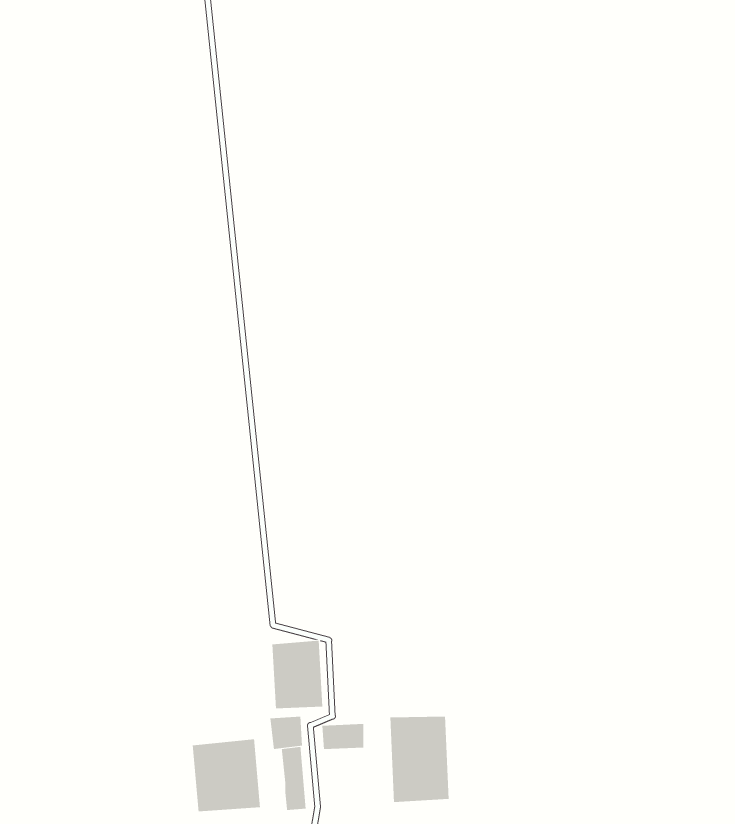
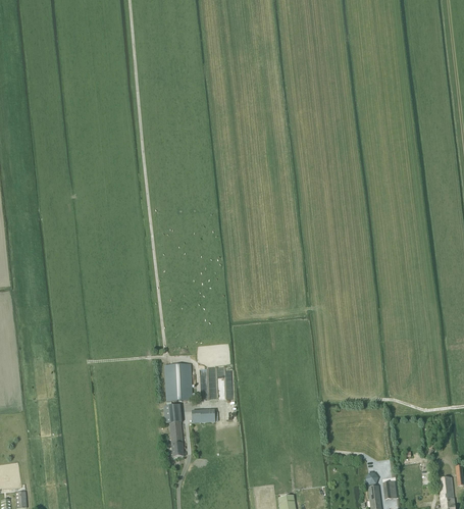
building: [390,716,449,803] -> none
building: [192,739,261,812] -> none

